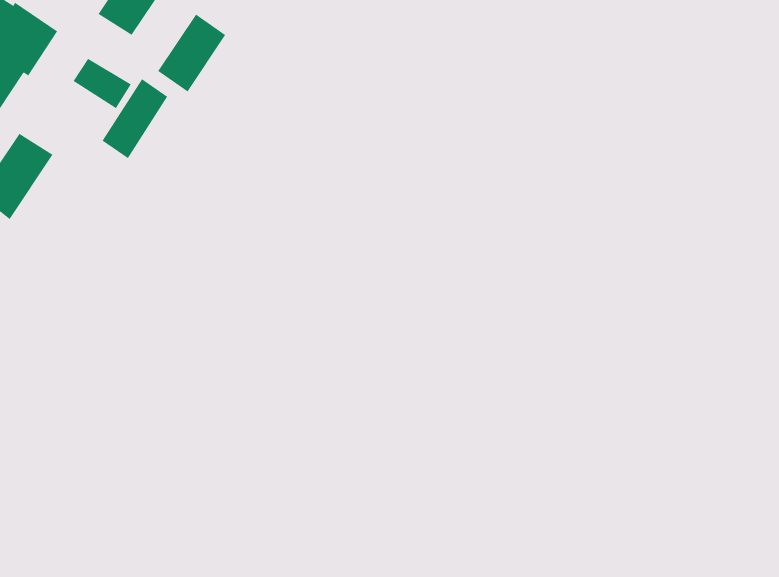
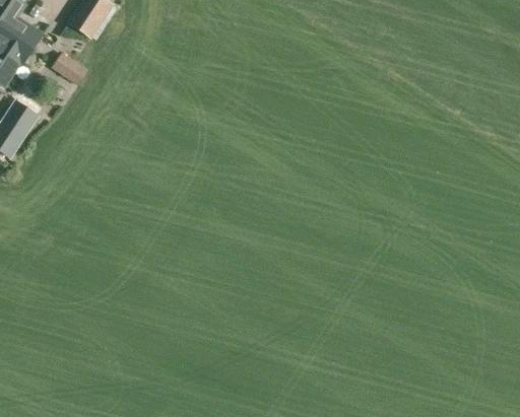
building: [157,13,226,93] -> none
building: [102,78,168,159] -> none

